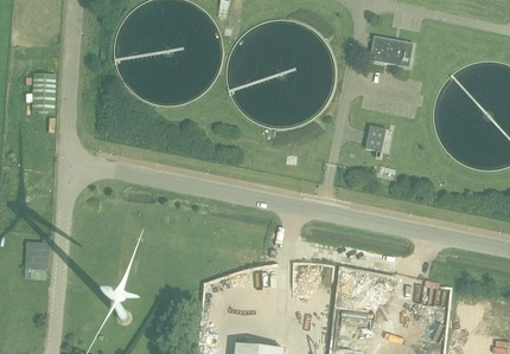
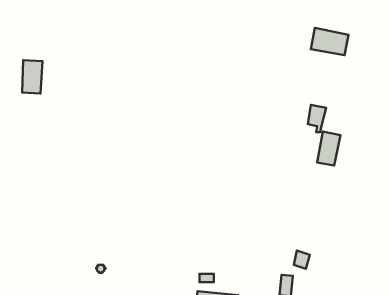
building: none -> [317,132,341,166]
building: [25,240,49,269] -> none

